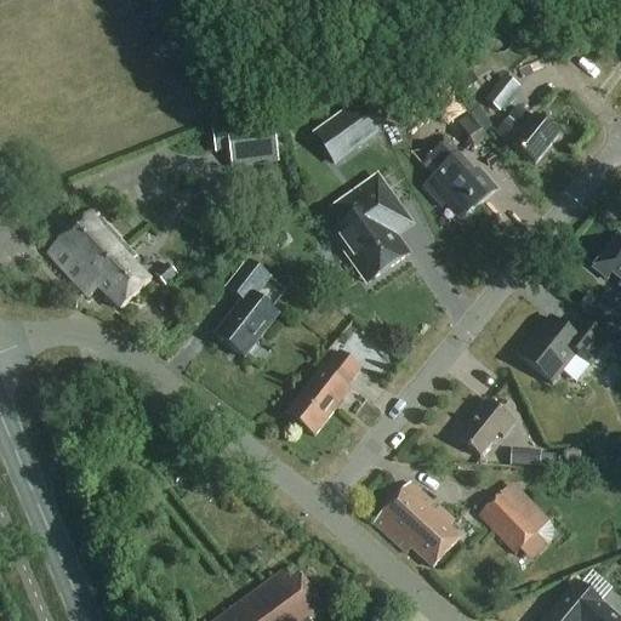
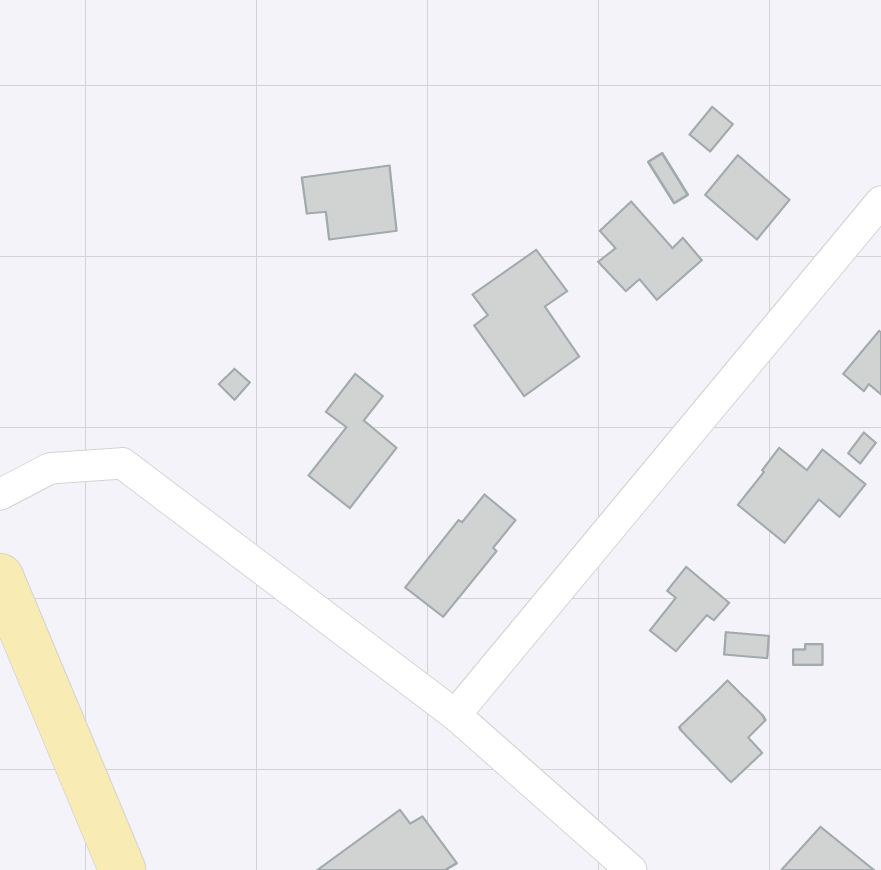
building: [313,98,380,161] -> none
building: [47,207,149,307] -> none
building: [374,479,462,568] -> none

